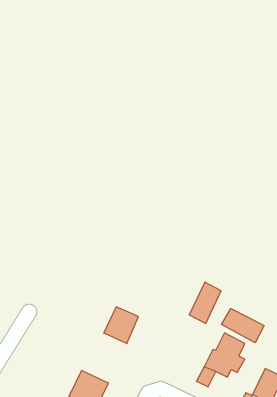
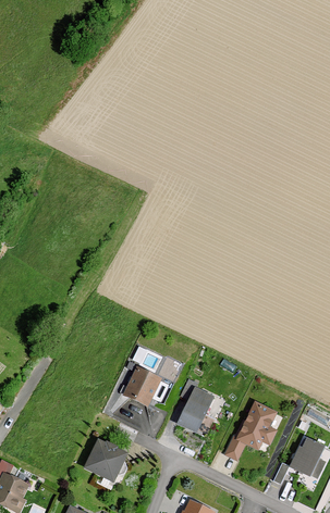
building: [189,282,221,323] -> [178,386,213,433]
building: [222,309,264,343] -> none

